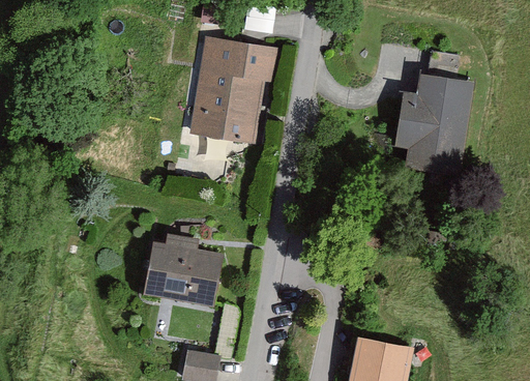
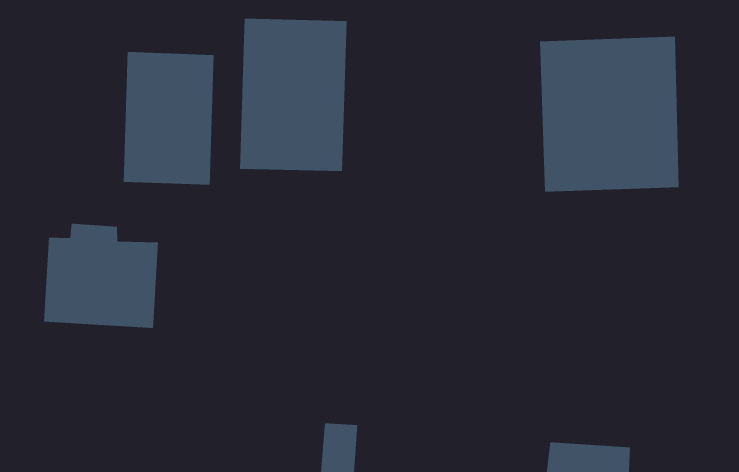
building: none -> [123,51,214,185]
building: [143,232,224,306] -> [43,223,159,328]

